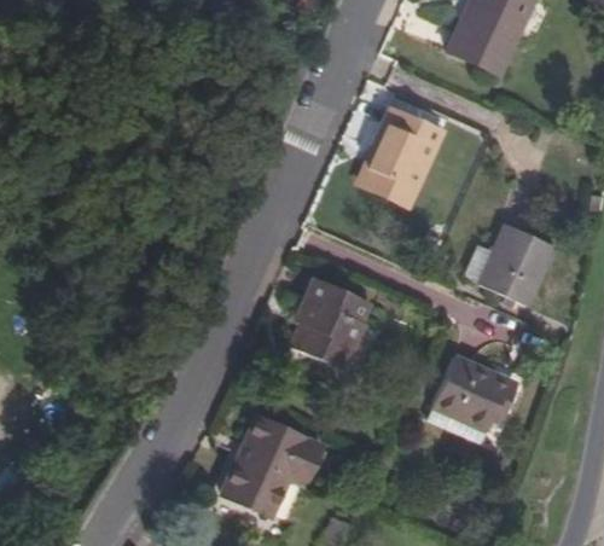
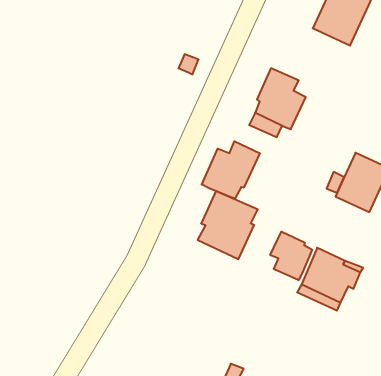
building: none -> [202,141,260,199]
building: none -> [270,232,312,280]
building: [222,416,323,515] -> none

